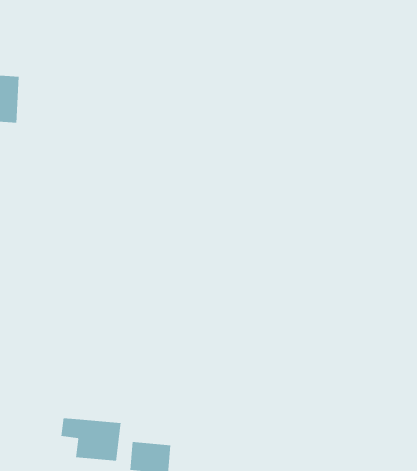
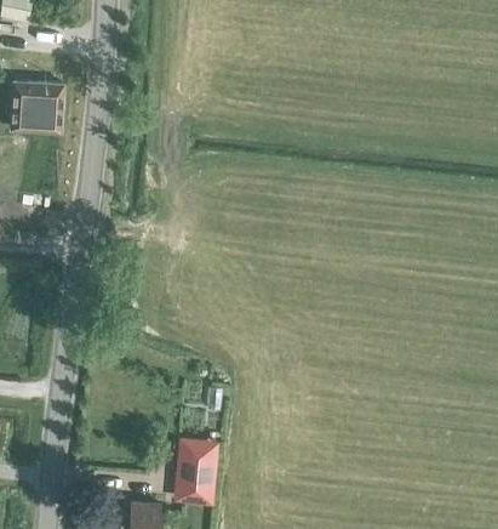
building: [61,417,121,462] -> none

